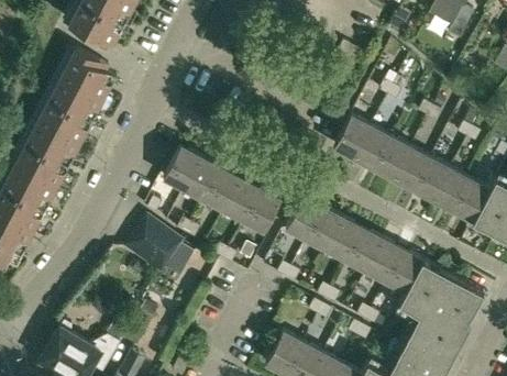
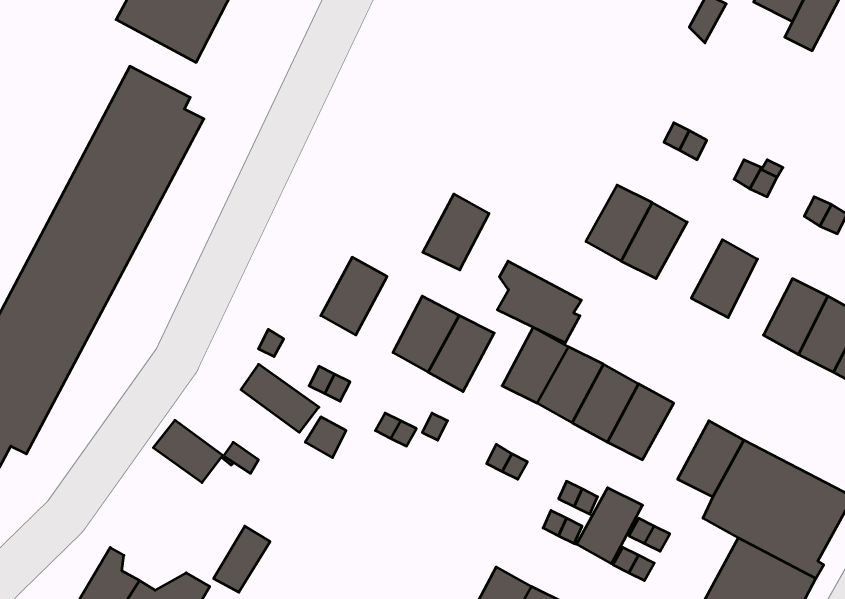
building: [372,137,409,180] -> none
building: [163,146,200,190] -> none
building: [412,158,449,201] -> none
building: none -> [497,261,581,343]
building: [202,168,240,211] -> [423,194,489,270]
building: [125,232,170,267] -> [153,420,233,483]
building: [364,240,401,283] -> [576,488,643,564]

